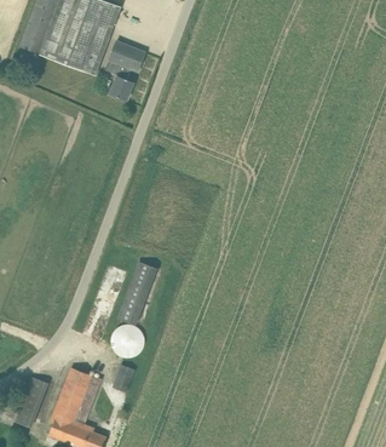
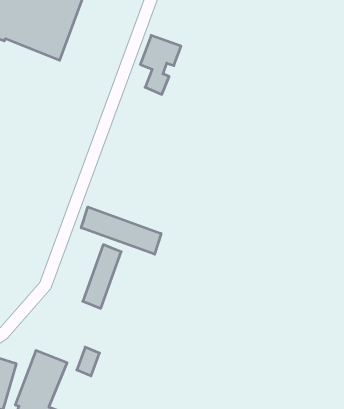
building: [104,41,145,101] -> [140,35,181,94]
building: none -> [81,207,161,254]
building: [110,323,144,357] -> none

